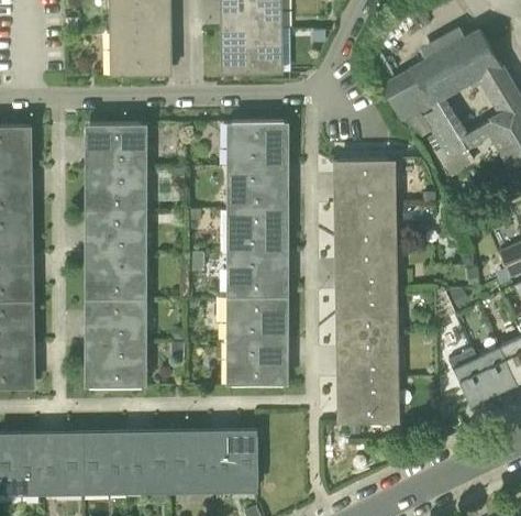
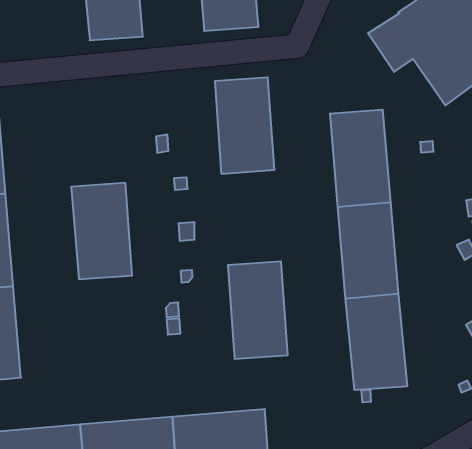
building: [90,123,142,211] -> none
building: [233,209,284,296] -> none
building: [91,299,142,387] -> none

